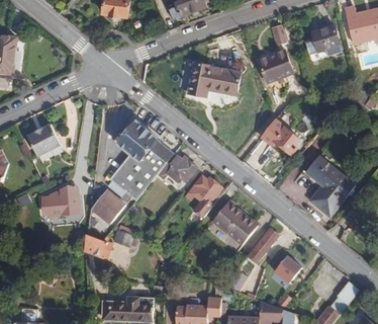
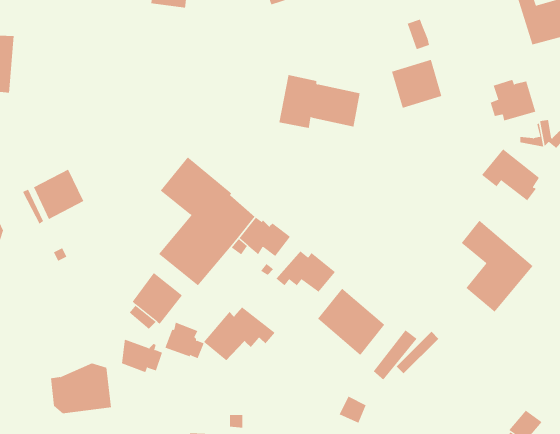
building: [307,24,338,52] -> [490,79,536,121]
building: [260,120,298,155] -> [481,149,540,201]
building: [40,185,81,219] -> [50,363,112,414]
building: none -> [203,306,275,361]
building: [273,255,301,284] -> none

